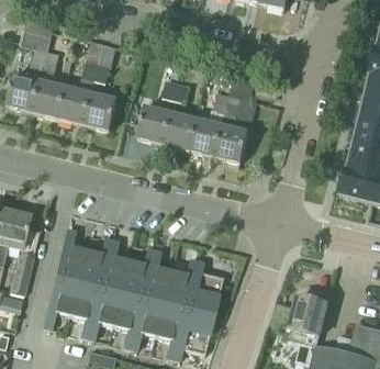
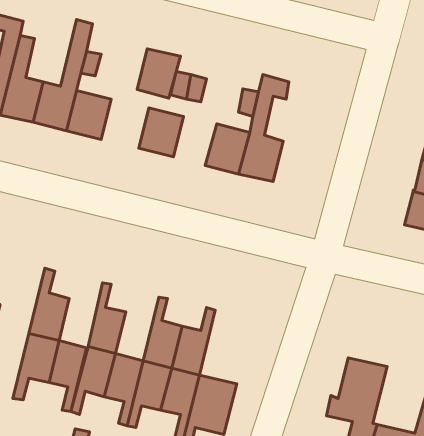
building: [165,113,198,150] -> [137,49,181,98]
building: [78,238,111,289] -> none
building: [121,248,154,299] -> none
building: [185,260,222,316] -> none

